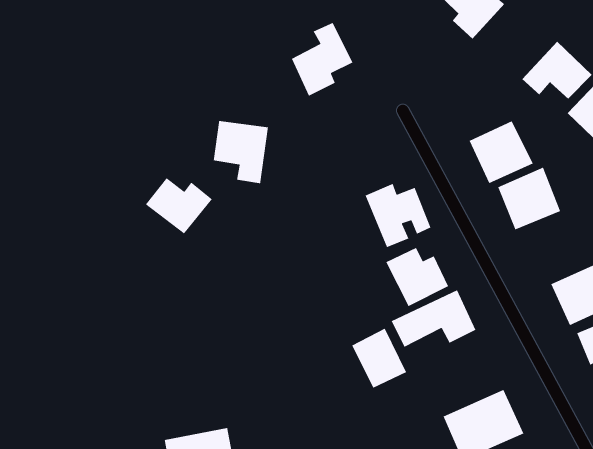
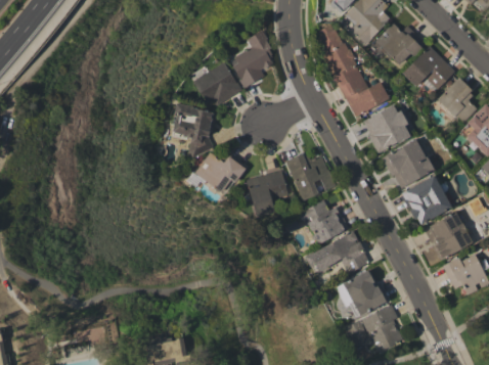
building: none -> [313,22,390,117]
building: none -> [374,22,420,66]
building: none -> [192,61,242,105]
building: [145,177,213,235] -> [194,151,246,194]
building: none -> [247,170,288,217]
building: none -> [401,175,452,225]
building: [351,327,407,389] -> [344,269,386,315]

